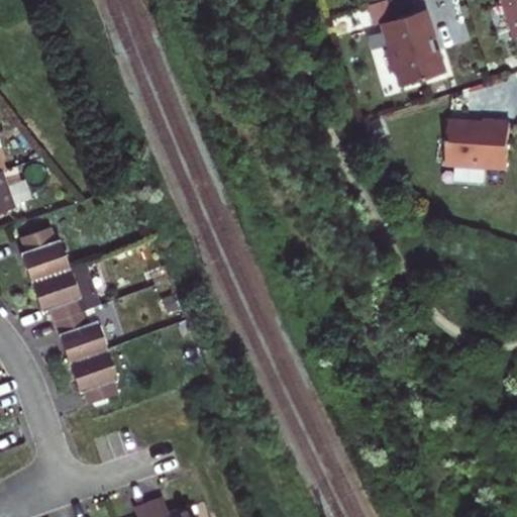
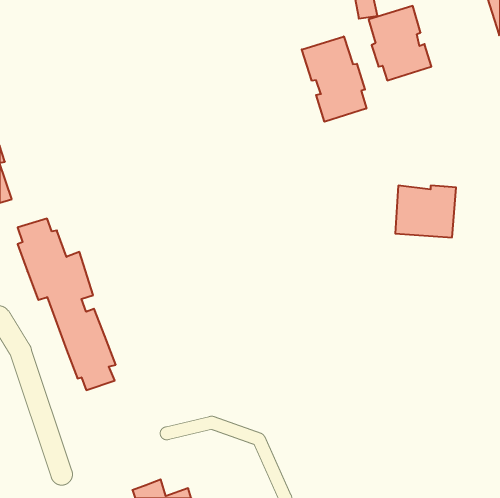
building: none -> [302,36,366,122]
building: [446,118,509,172] -> [395,186,456,237]

